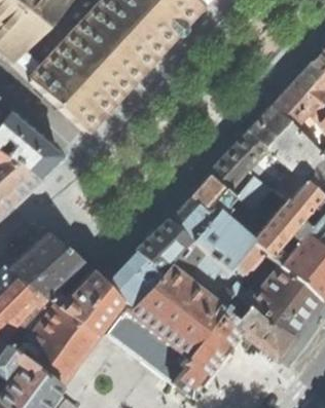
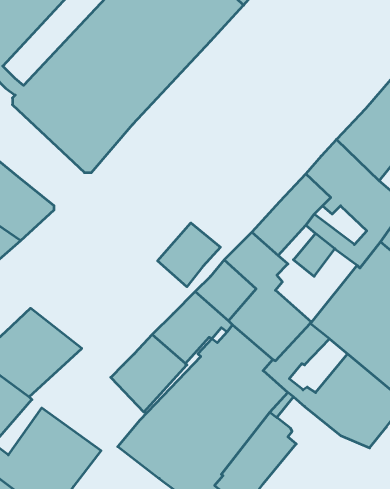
building: none -> [158,223,220,287]
building: [47,271,125,337] -> none
building: [238,304,298,360] -> none

